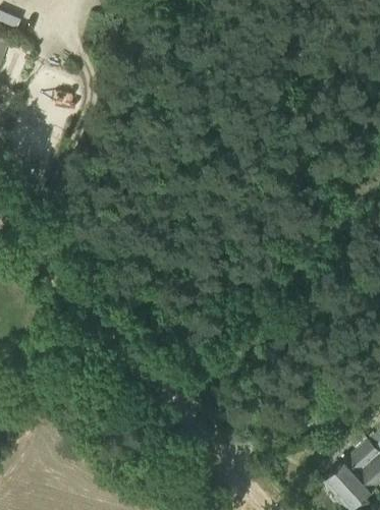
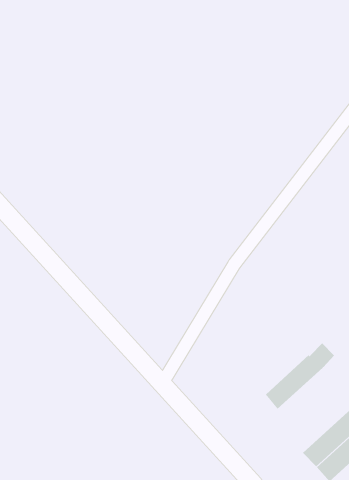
building: none -> [265,342,335,410]

